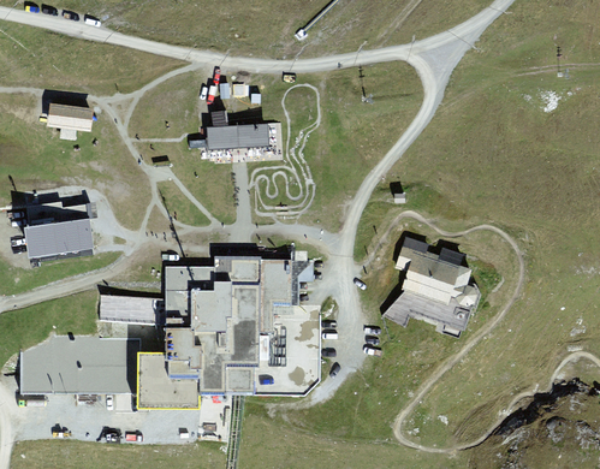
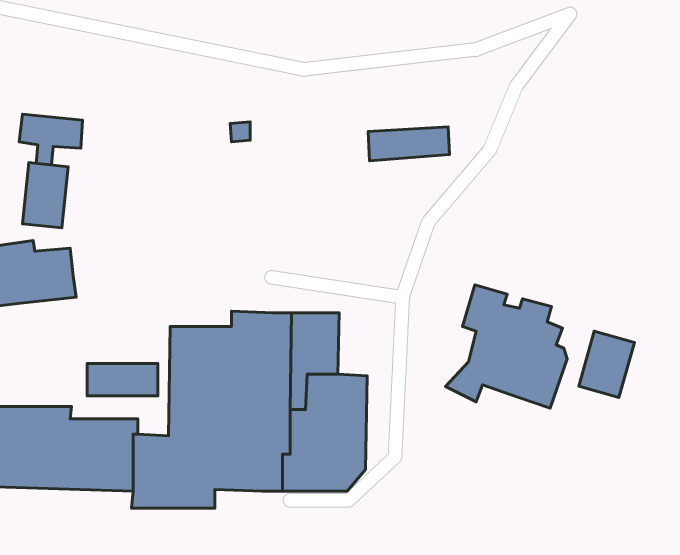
building: [204,123,268,149] -> [368,127,450,161]
building: none -> [22,163,68,228]
building: none -> [579,331,634,397]

